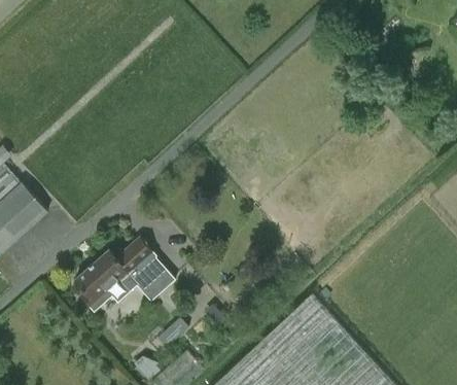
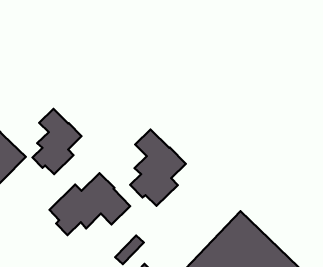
building: none -> [33,109,82,174]
building: none -> [130,129,186,206]

